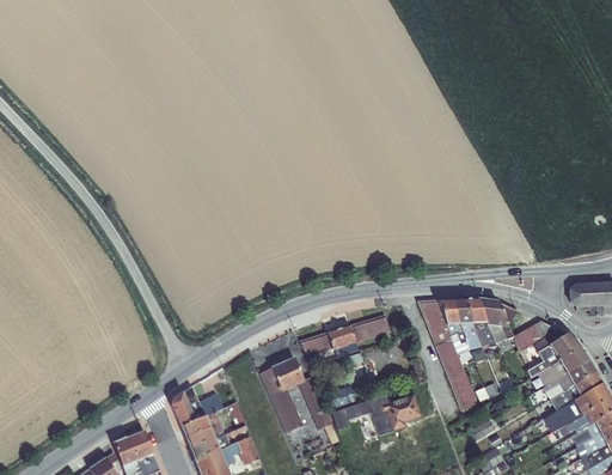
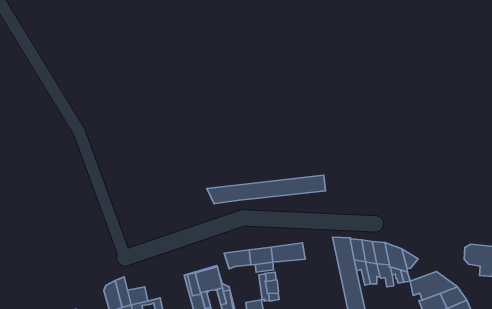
building: none -> [207,175,326,204]

